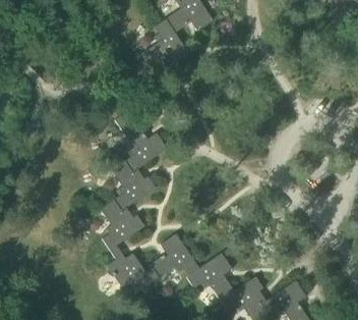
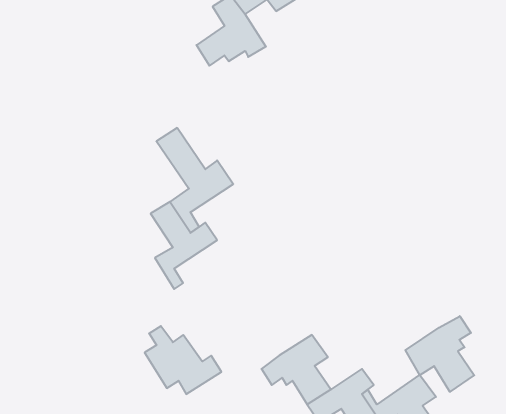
building: [100,200,145,252] -> none
building: [151,233,199,278] -> none
building: none -> [405,316,474,392]

